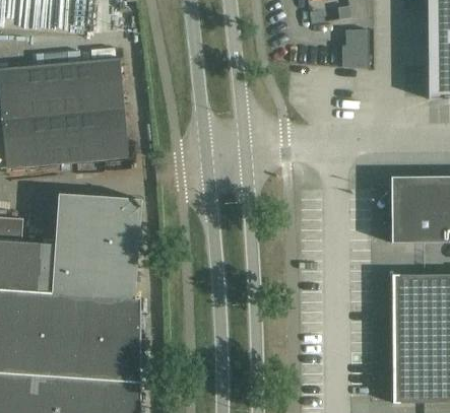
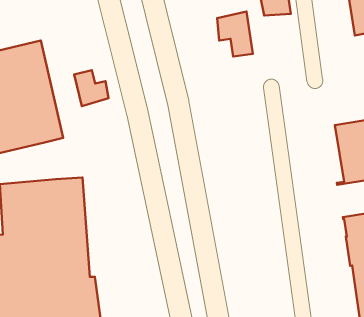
building: none -> [217,12,253,57]
building: none -> [74,70,108,106]

